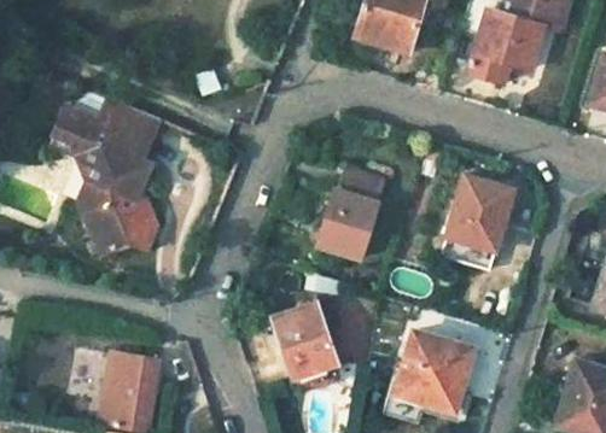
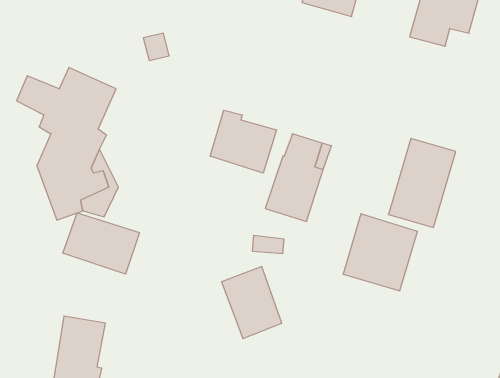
building: none -> [210,110,276,173]
building: none -> [63,213,140,274]
building: [396,330,472,409] -> [343,214,418,291]

